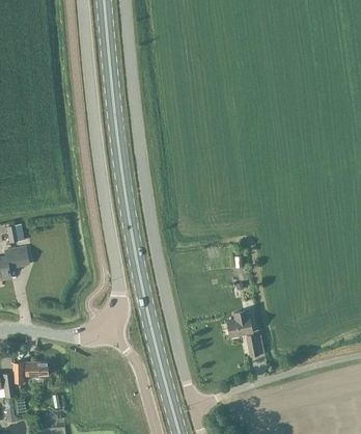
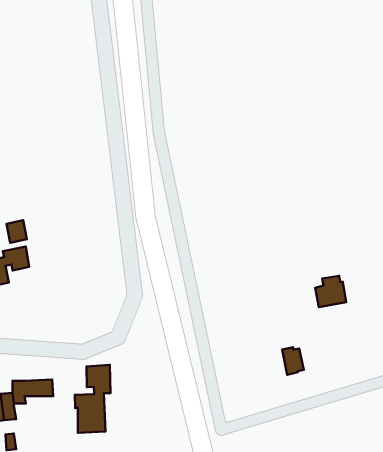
building: [227,310,254,337] -> [315,276,346,307]
building: none -> [75,365,111,433]

